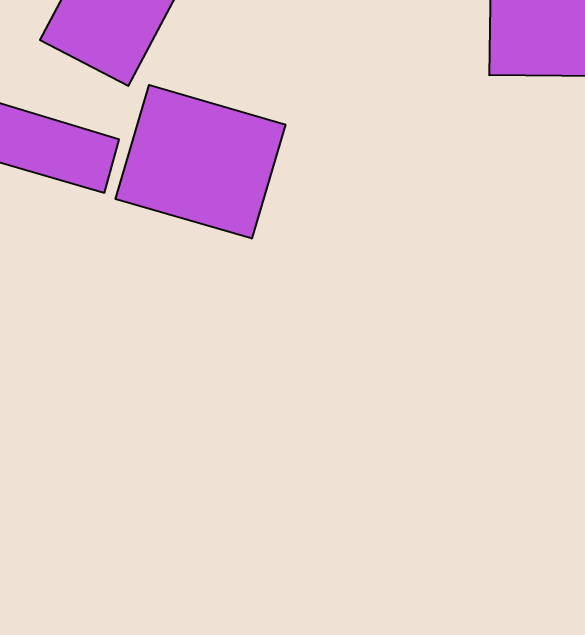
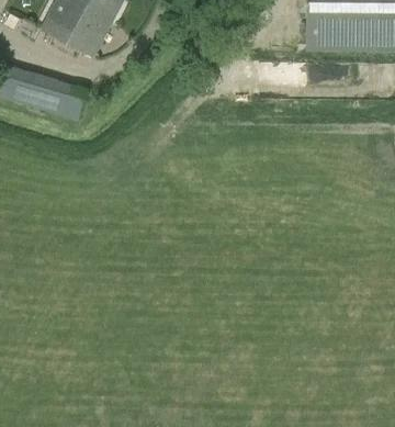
building: [115,85,285,239] -> none

